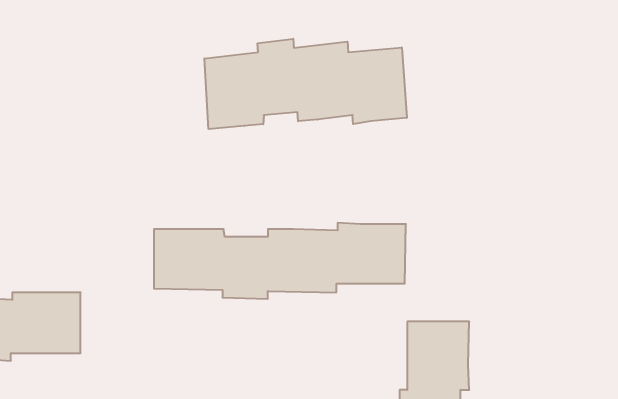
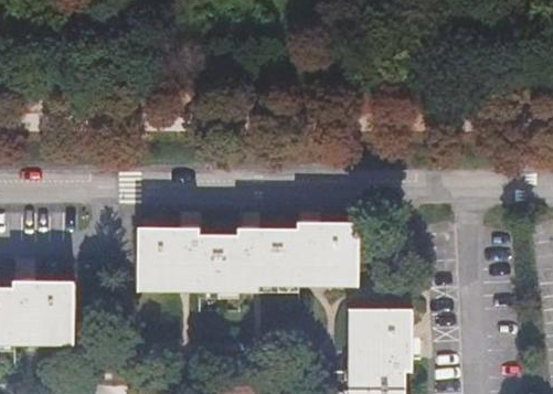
building: [204,39,407,129] -> none

